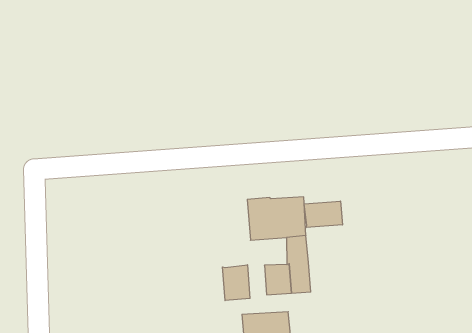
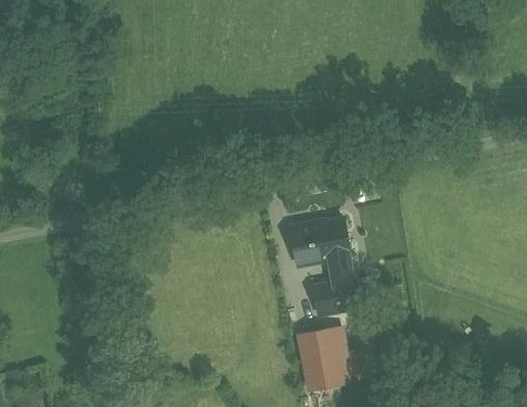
building: [304,201,342,228] -> none
building: [223,265,250,301] -> none

